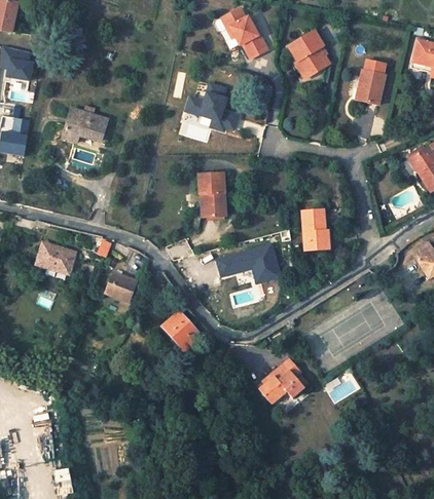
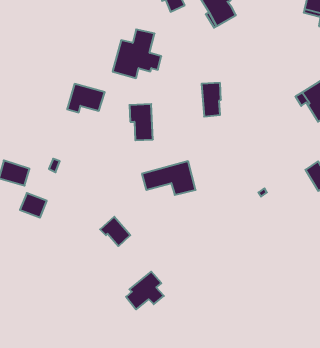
building: [357,60,385,106] -> none
building: [63,108,109,143] -> [67,84,105,112]
building: [300,210,324,252] -> [202,83,221,117]
building: [105,272,138,302] -> [20,193,47,218]
building: [254,362,300,409] -> [126,272,164,309]

